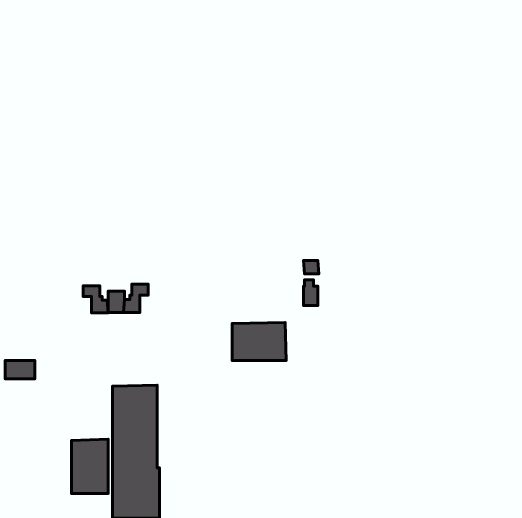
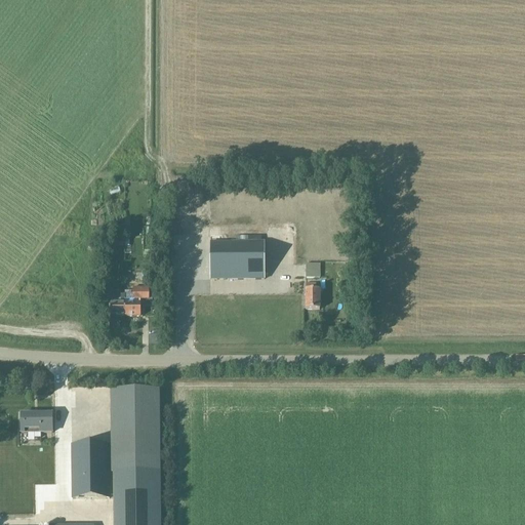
building: [83,286,108,313] -> none
building: [232,323,286,360] -> [210,239,265,277]
building: [5,361,35,379] -> [22,411,51,430]

